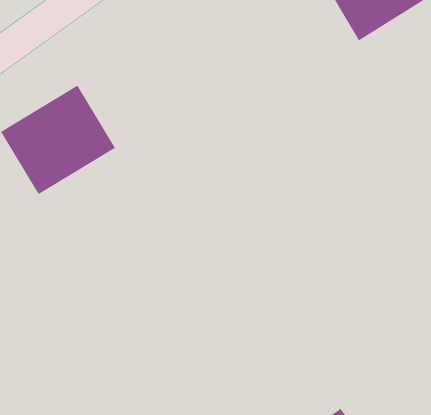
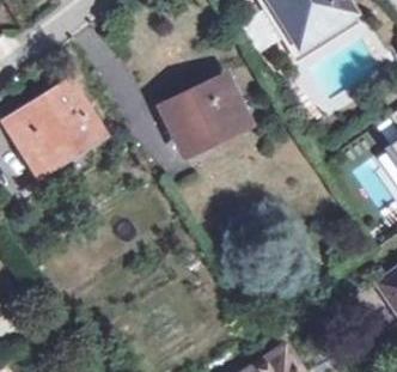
building: none -> [160,77,243,151]

